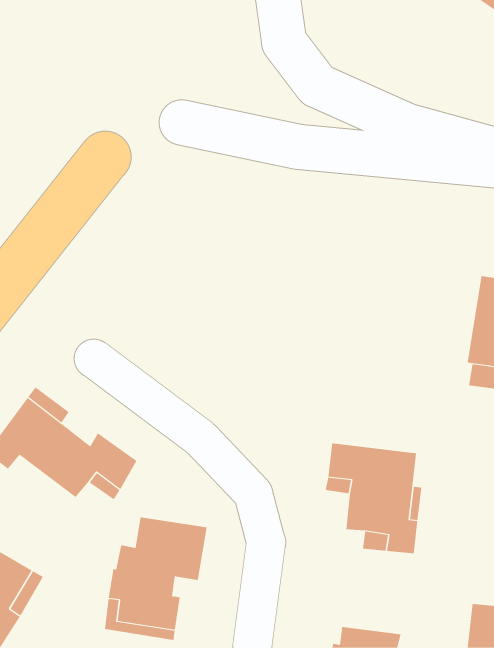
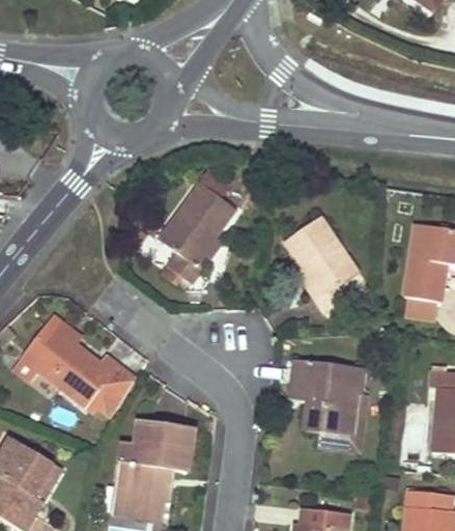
building: none -> [157,180,237,286]
building: none -> [285,217,357,313]

